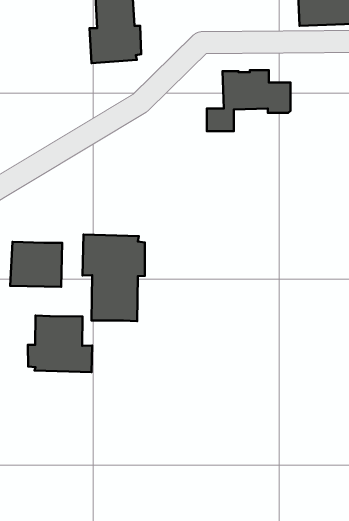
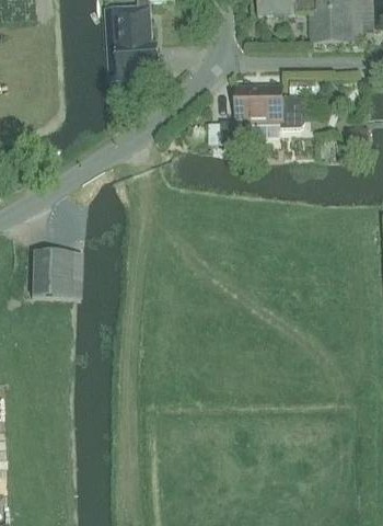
building: [82,234,145,321] -> none
building: [28,316,92,372] -> none

